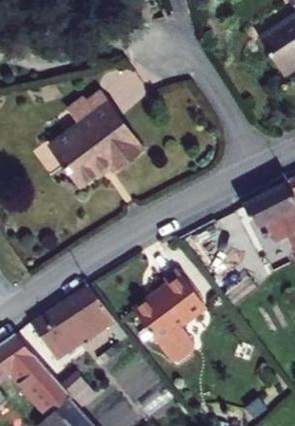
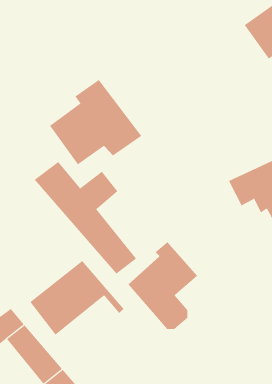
building: none -> [34,161,137,275]

